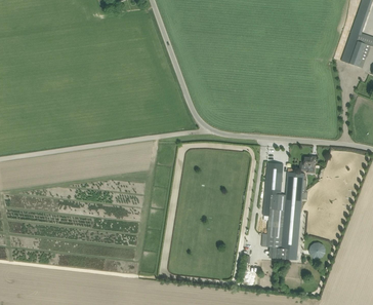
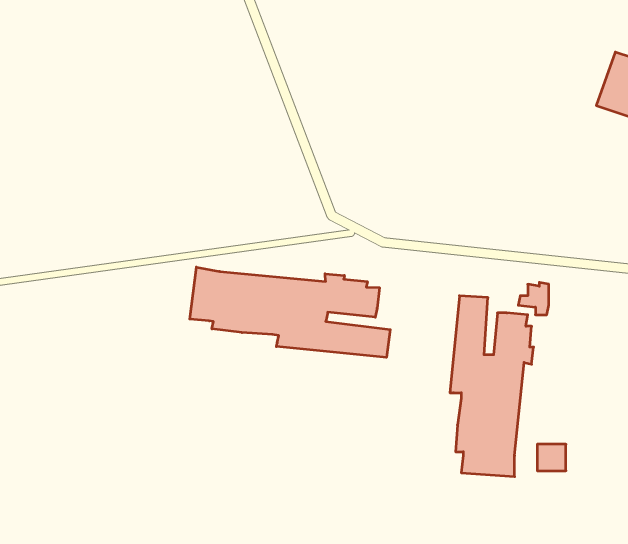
building: none -> [190,267,390,357]

